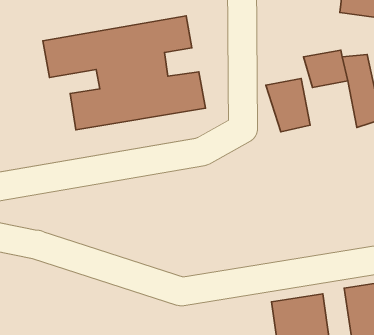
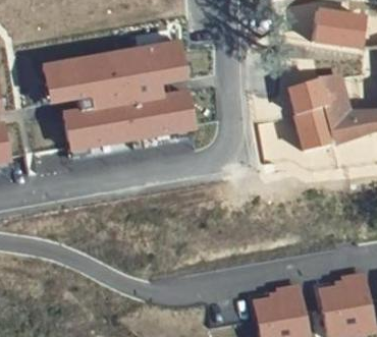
building: [266,78,310,132] -> [290,101,330,149]

